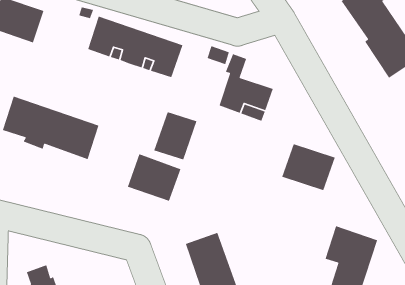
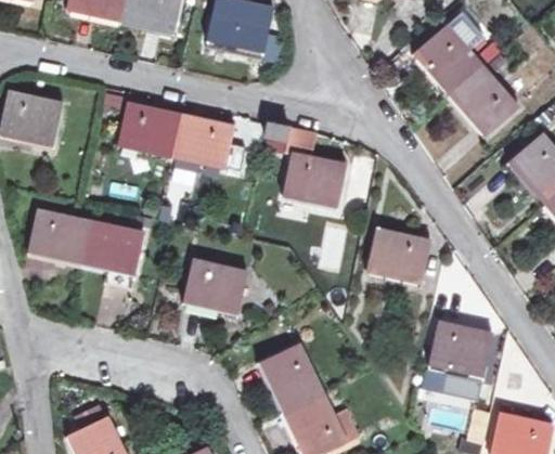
building: [153,111,198,161] -> none

